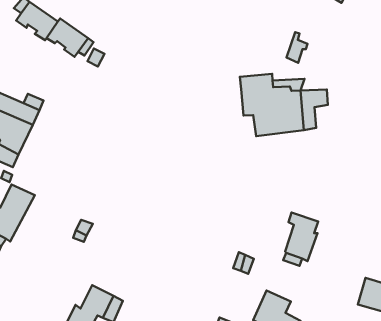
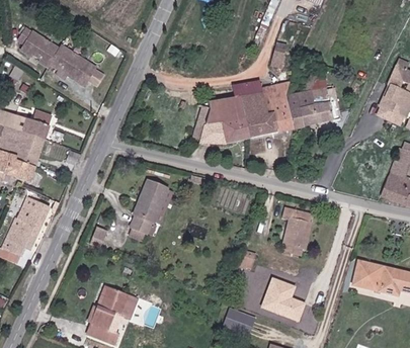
building: none -> [301,87,342,125]
building: none -> [188,95,249,145]
building: none -> [129,180,170,239]

